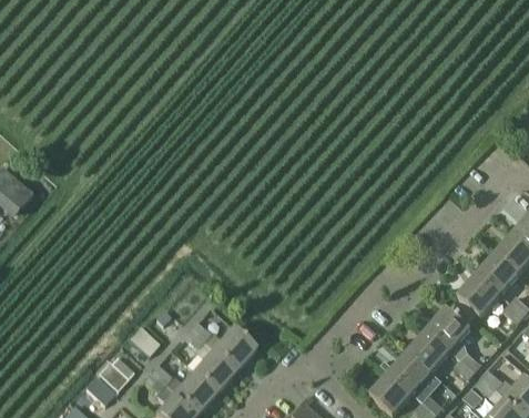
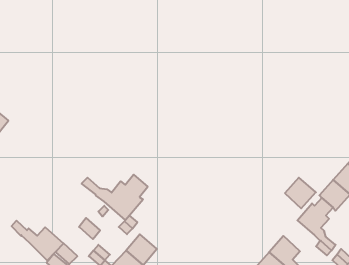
building: none -> [82,175,148,220]
building: [213,325,256,368] -> none
building: [409,329,451,371] -> [285,178,316,208]
building: none -> [12,221,63,261]

